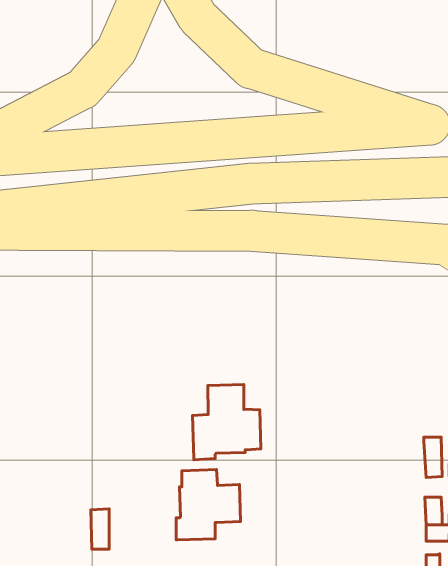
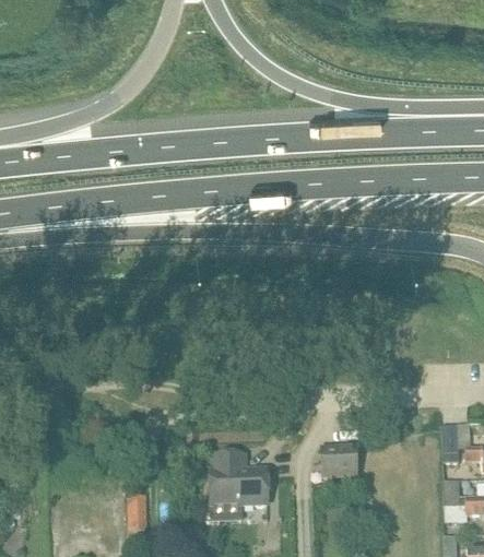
building: [193,385,261,460] -> none
building: none -> [321,445,358,475]

